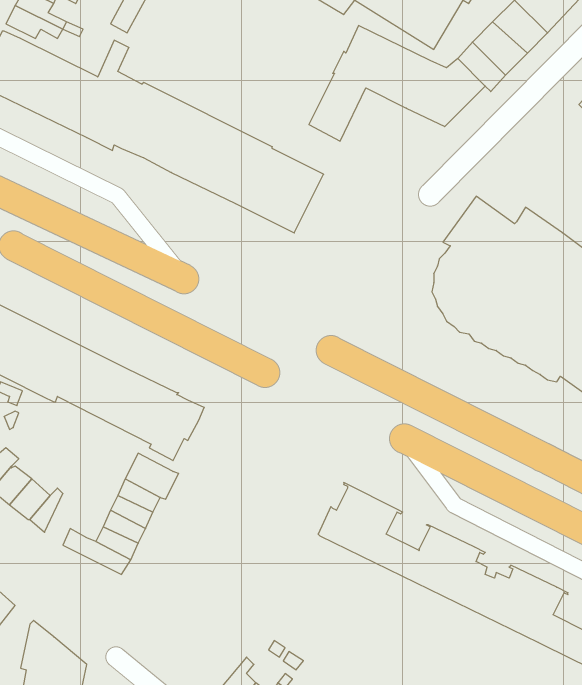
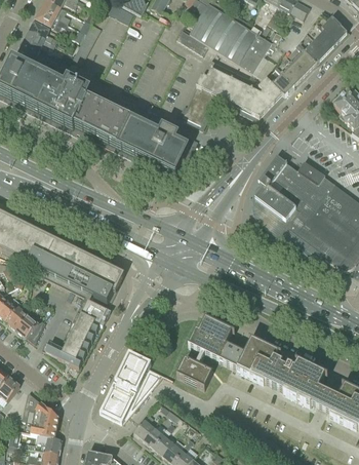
building: none -> [99,353,164,423]
building: none -> [176,358,212,388]

